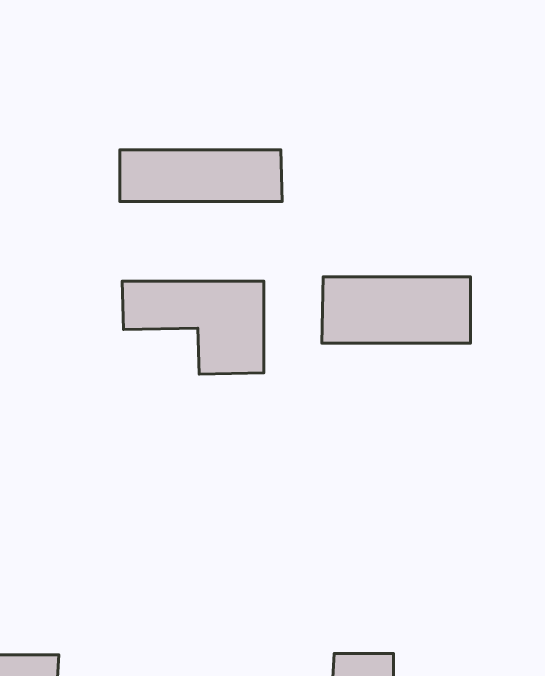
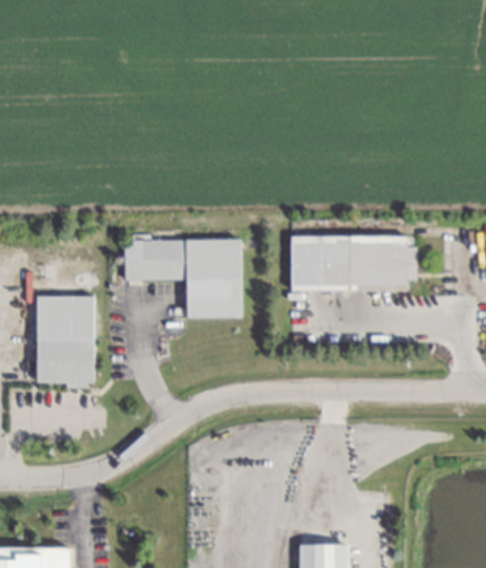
building: [120,150,282,202] -> none
building: none -> [36,296,97,383]

